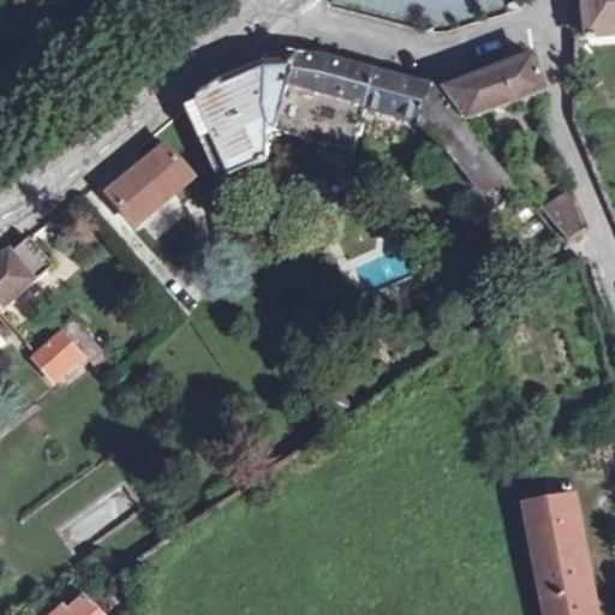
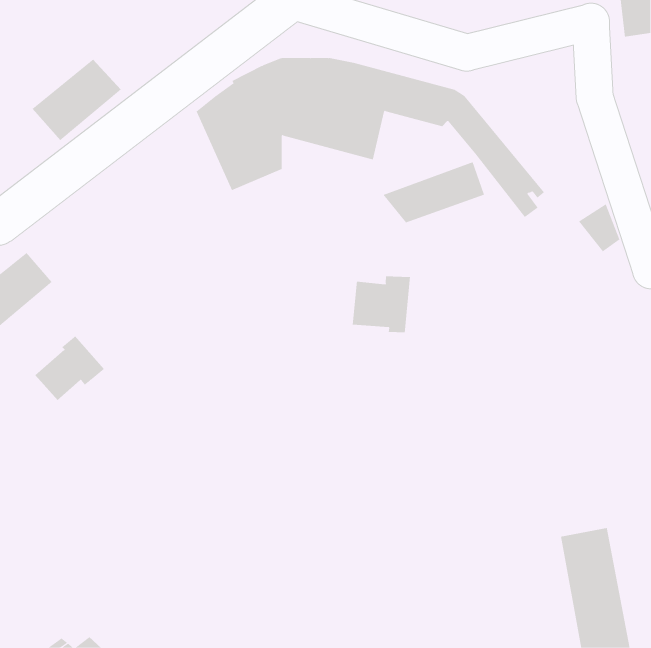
building: [447,56,543,114] -> [382,162,485,223]
building: [107,143,191,220] -> [32,59,121,141]
building: none -> [352,276,410,333]

